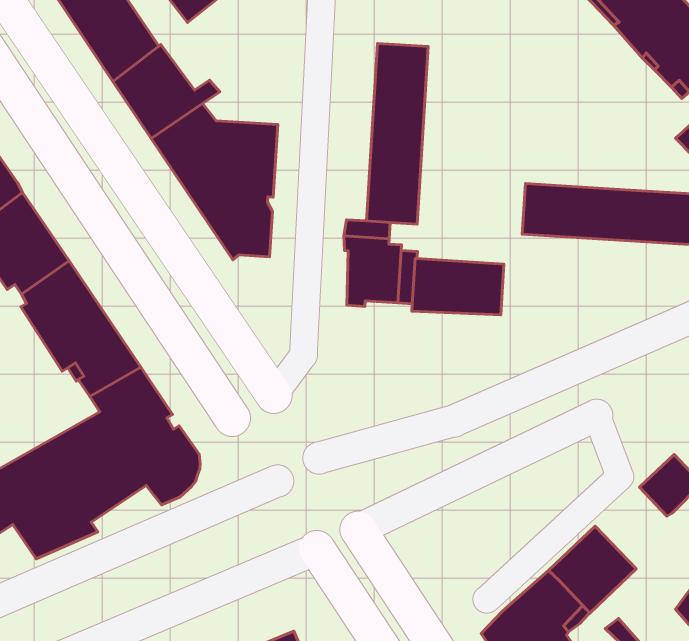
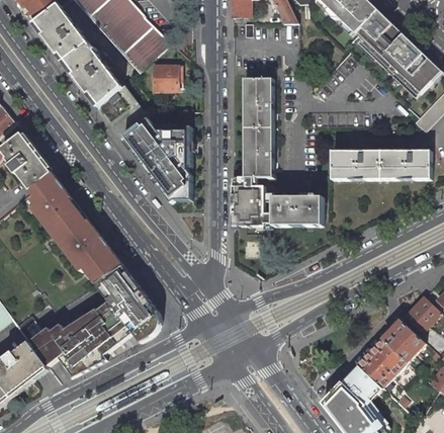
building: none -> [153,65,181,90]
building: none -> [381,320,424,361]

